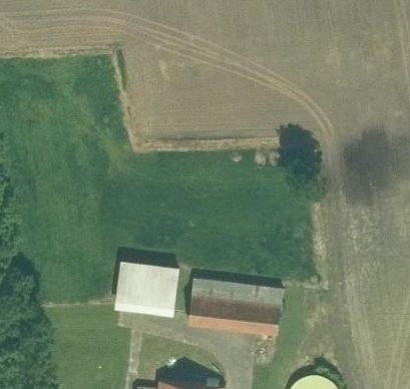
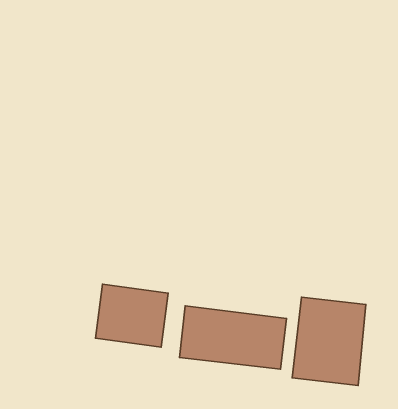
building: none -> [292,297,366,386]

